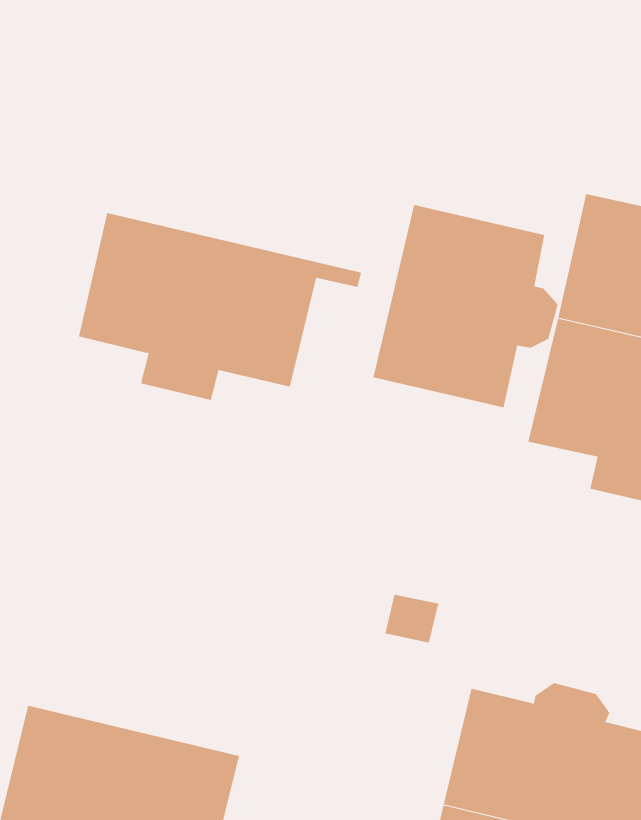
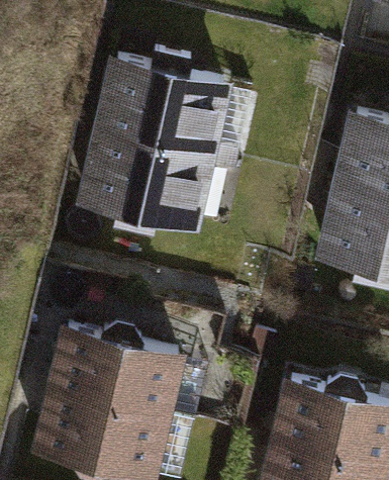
building: none -> [96,54,235,160]
building: [373,204,558,408] -> none
building: none -> [54,327,182,420]

